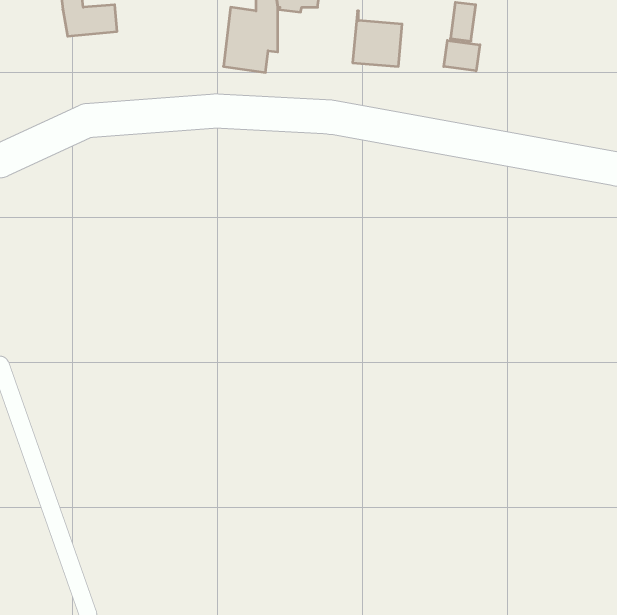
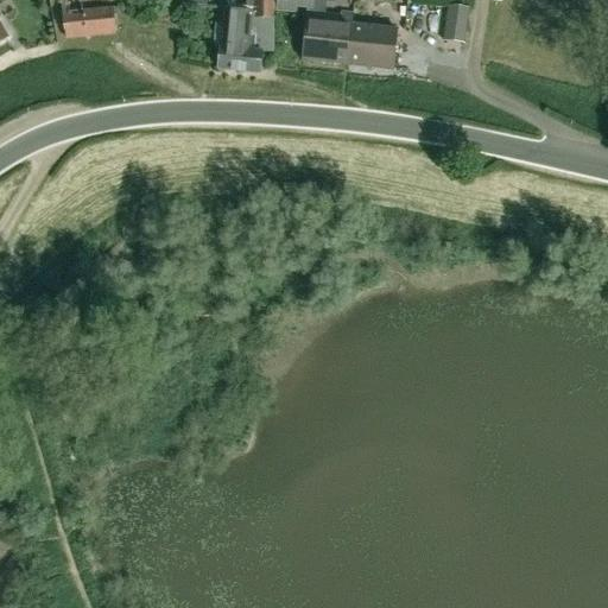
building: none -> [303,10,352,62]
building: [444,40,480,71] -> none

